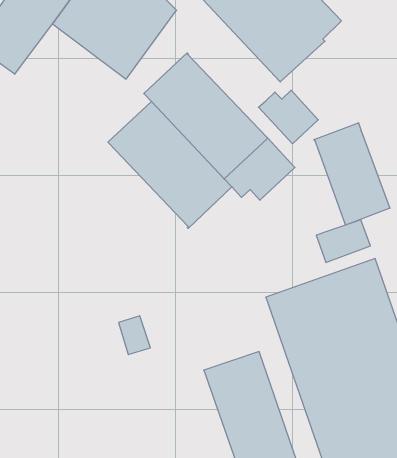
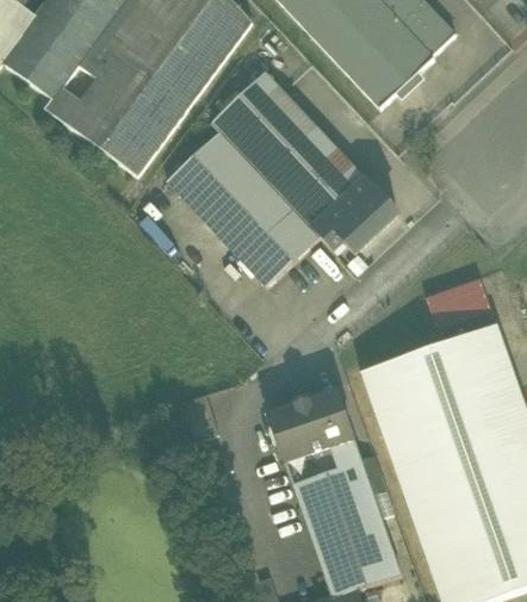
building: none -> [43,35,190,174]
building: [258,90,318,144] -> none
building: [314,123,390,225] -> none
building: none -> [267,390,353,461]

